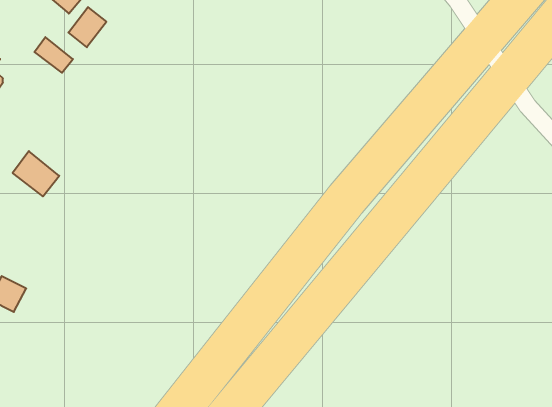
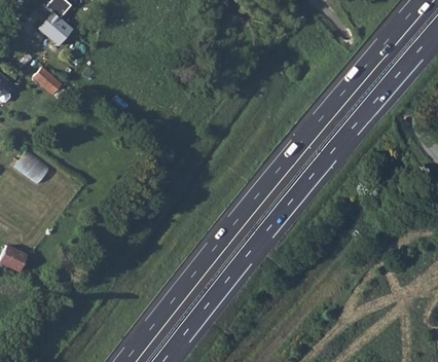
building: [68,7,106,47] -> none

